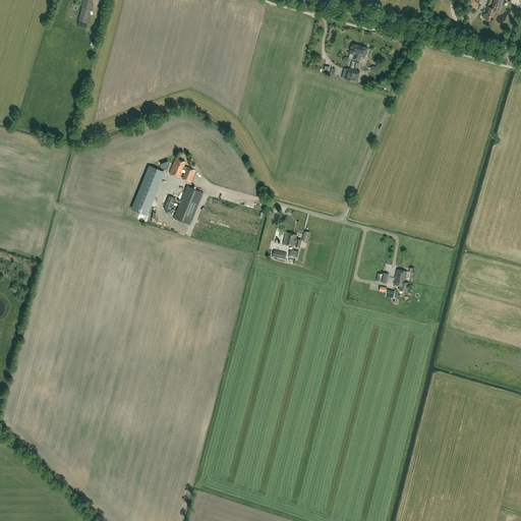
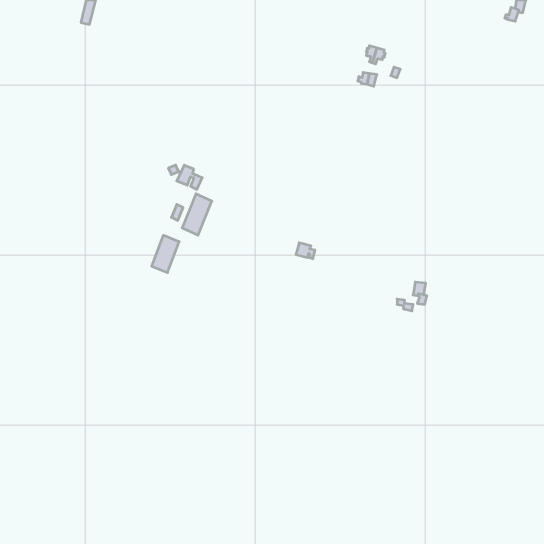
building: [137,166,164,201] -> [152,235,179,273]

